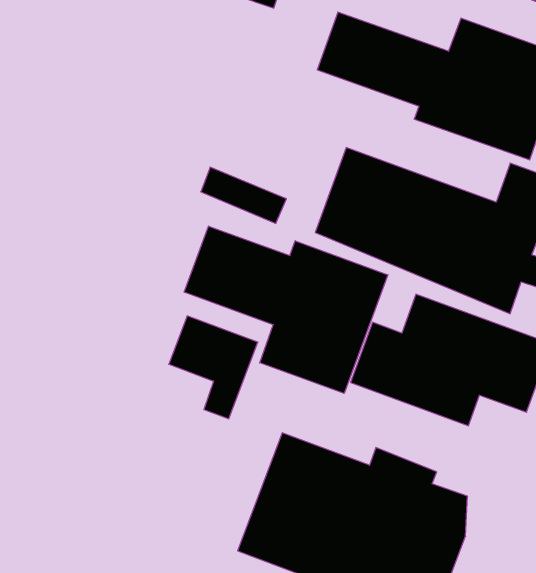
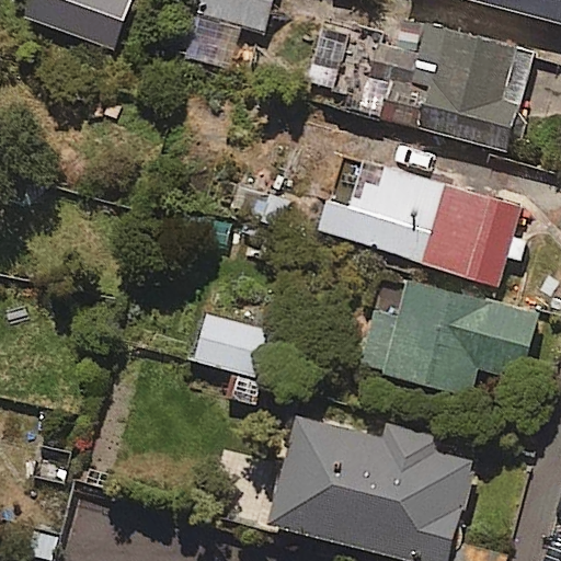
building: [184,226,388,393] -> none

